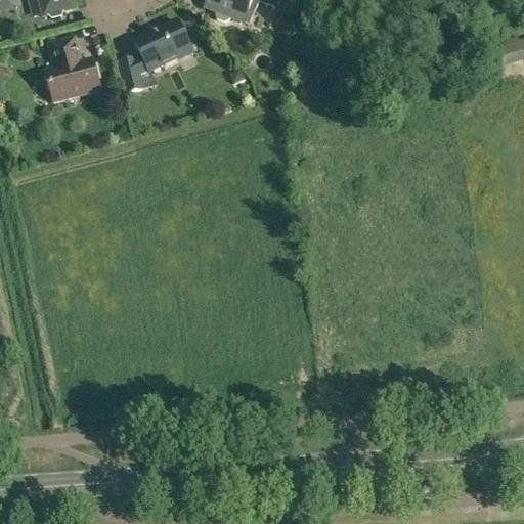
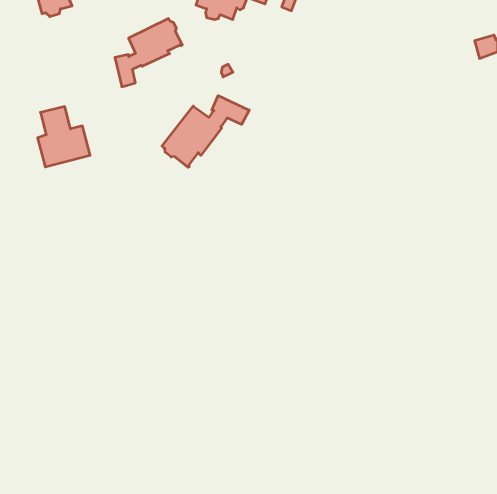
building: [47,37,102,100] -> [38,107,90,167]
building: none -> [162,96,249,167]

